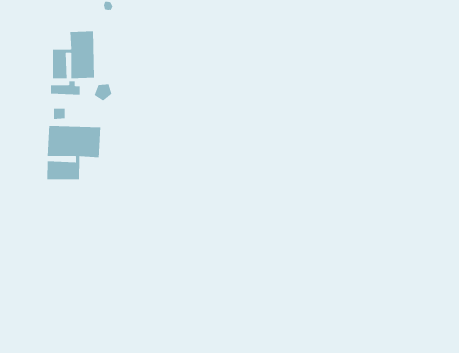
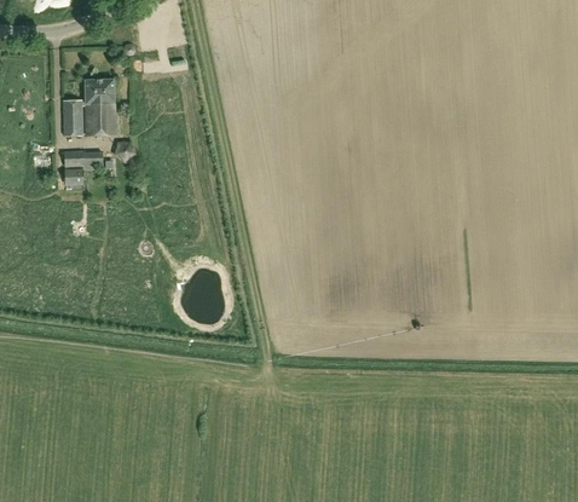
building: [47,125,101,180] -> none

